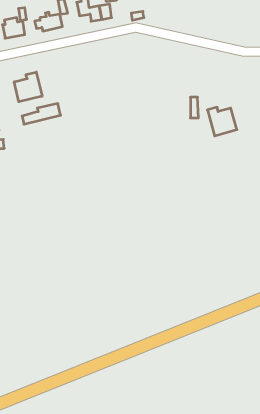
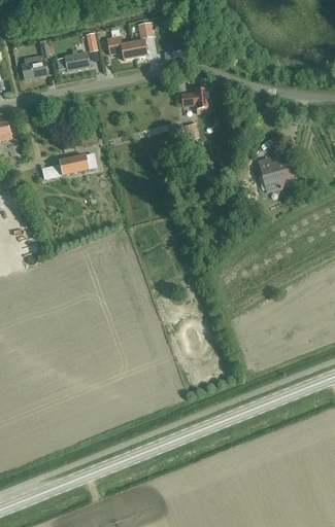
building: none -> [180,85,217,107]
building: [14,72,42,102] -> none

